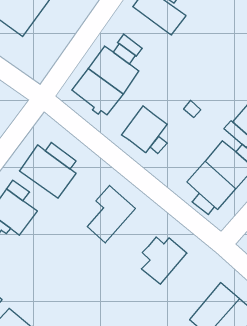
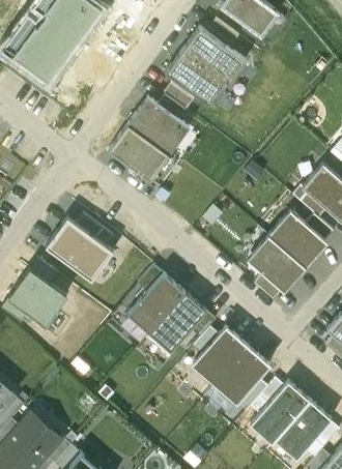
building: none -> [165,50,225,105]
building: [121,106,167,153] -> none
building: none -> [148,293,216,353]
building: none -> [215,347,269,412]

